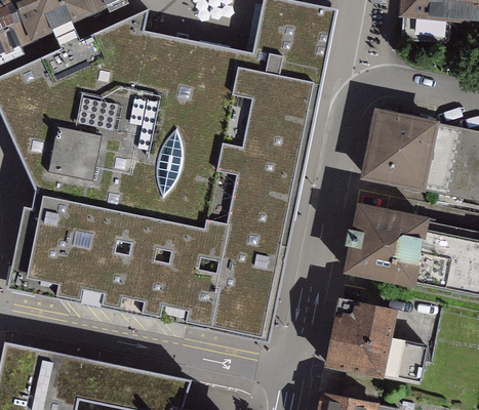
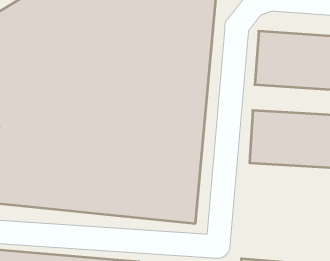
building: [322,299,432,386] -> none

